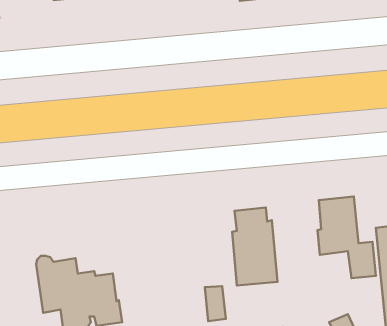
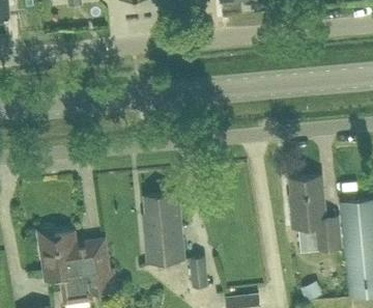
building: [232,207,278,285] -> [143,194,183,263]

